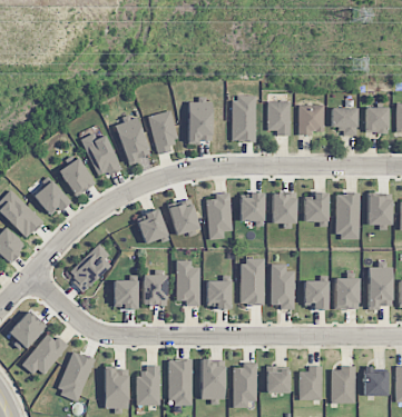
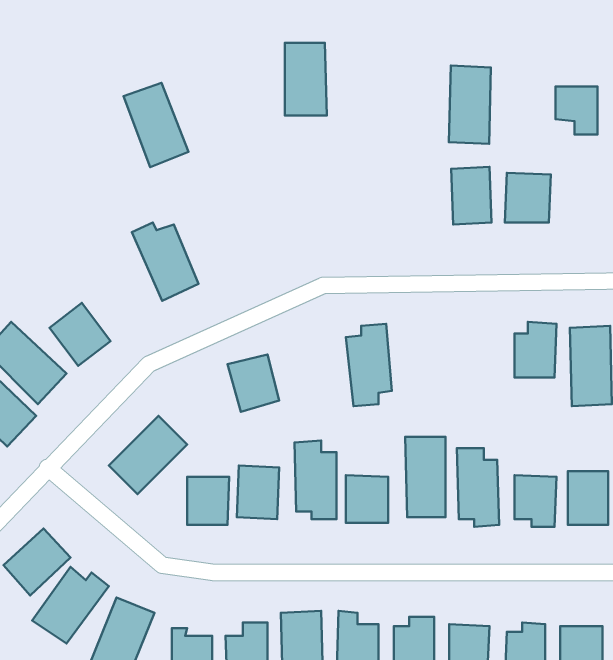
building: [232,96,256,141] -> [449,65,491,144]
building: [188,99,213,141] -> [285,43,327,115]
building: [332,107,356,135] -> [555,87,597,134]
building: [149,110,177,153] -> none
building: [114,115,151,163] -> [123,83,188,167]
building: [59,157,95,196] -> none
building: [239,191,264,221] -> none
building: [272,195,296,222] -> none
building: [168,199,200,235] -> none

